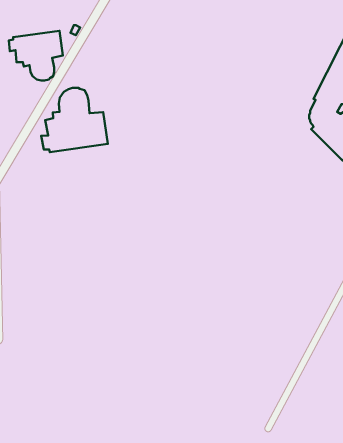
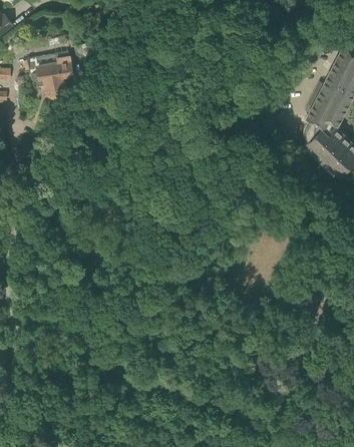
building: [41,88,108,152] -> none

